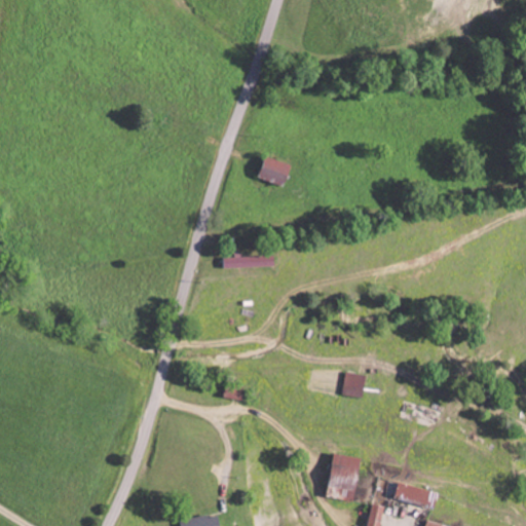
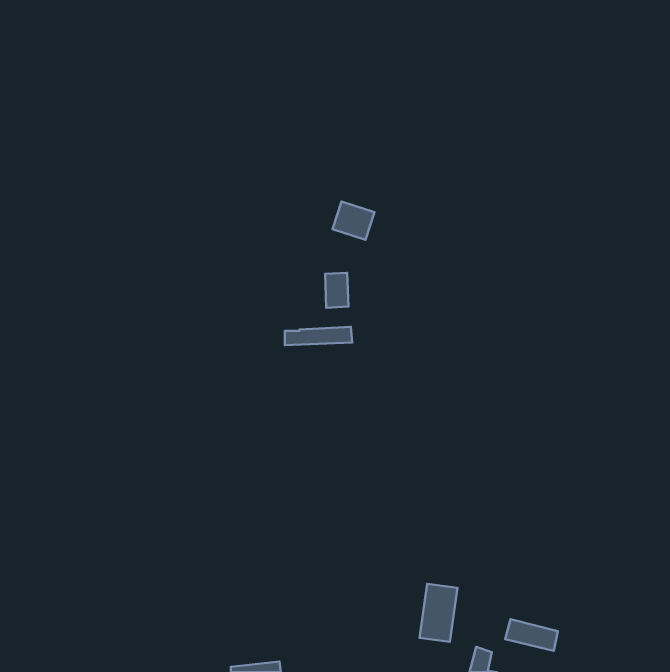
building: none -> [325,273,349,308]
building: [340,372,367,399] -> none

